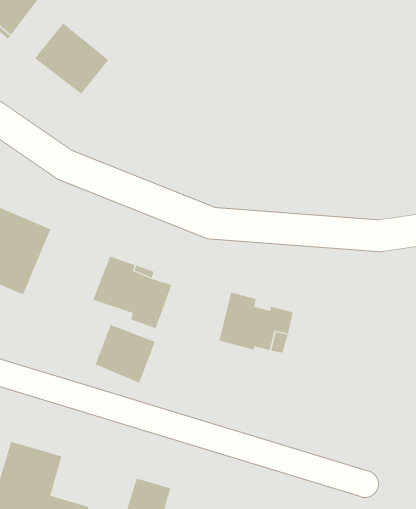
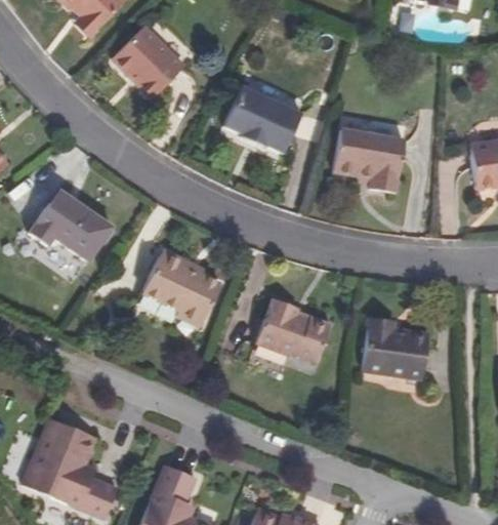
building: none -> [224,86,301,154]
building: none -> [334,130,404,192]
building: none -> [363,320,429,378]
building: [95,324,156,383] -> none

